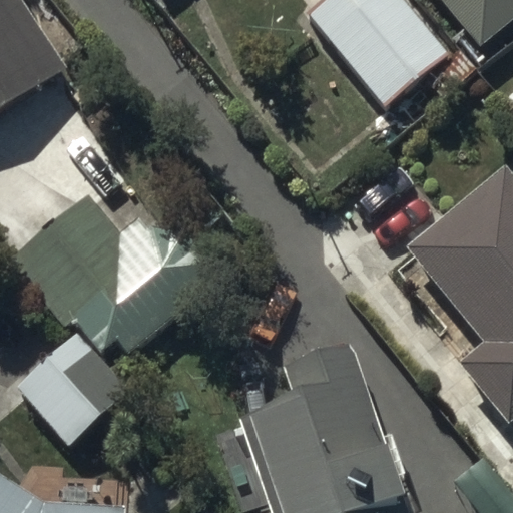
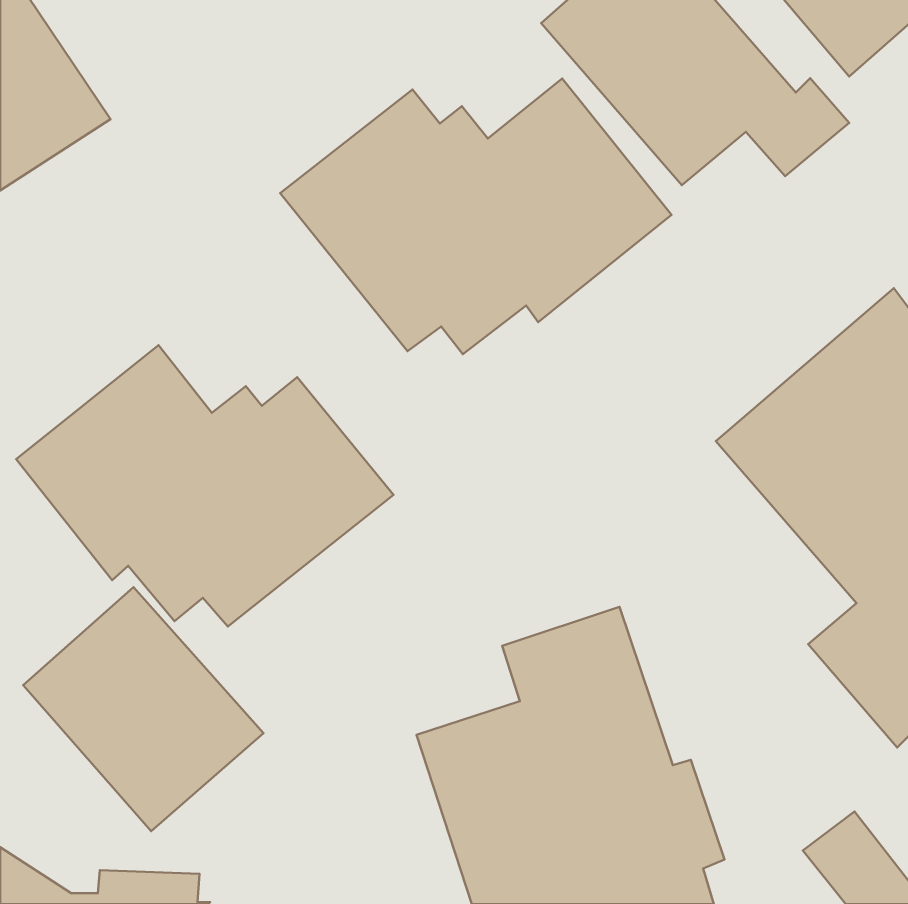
building: none -> [280,78,672,354]

